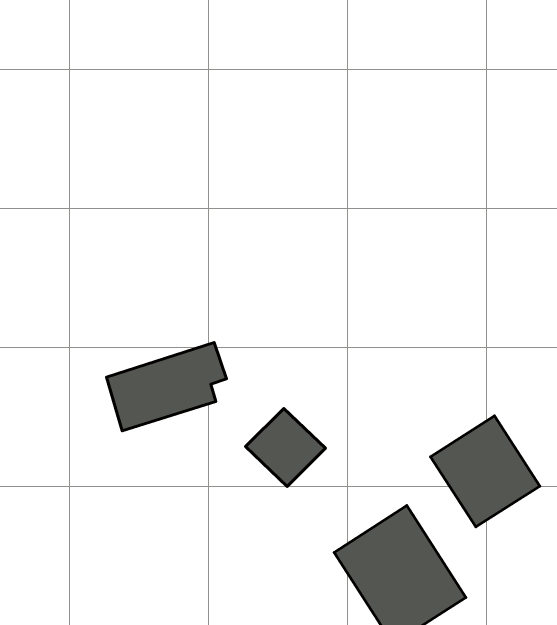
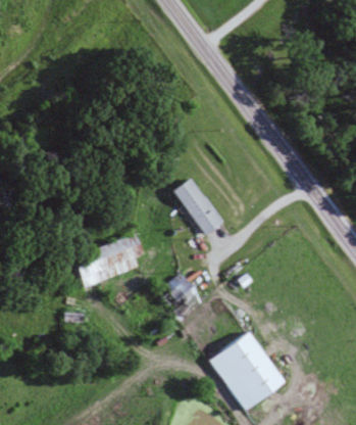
building: none -> [173,178,223,236]
building: [431,416,540,527] -> none

